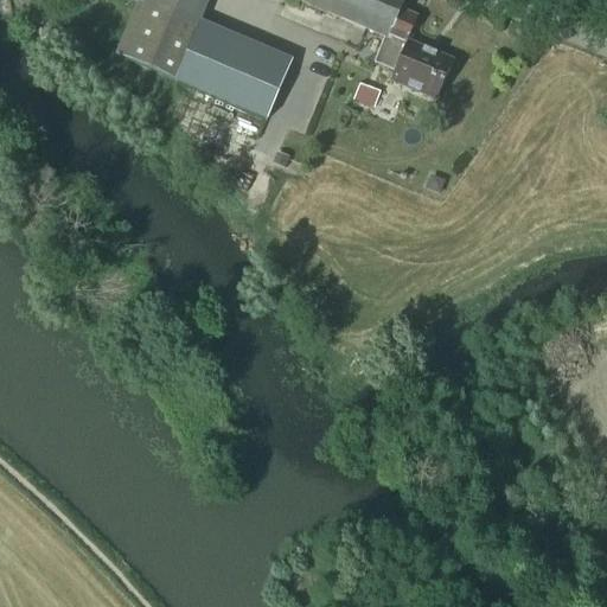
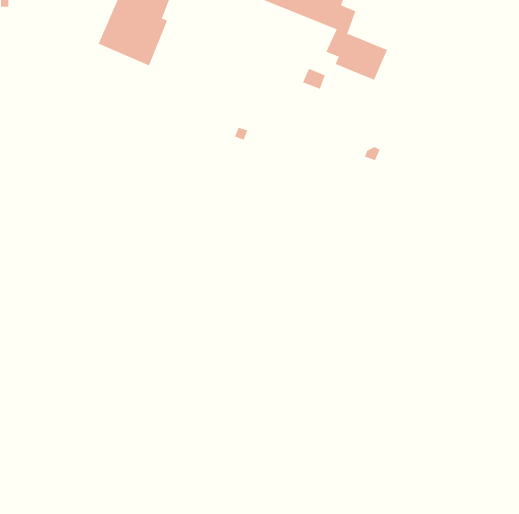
building: [175,24,289,115] -> none

